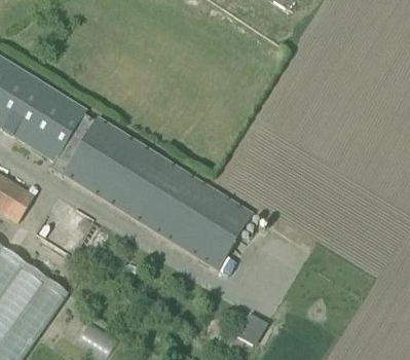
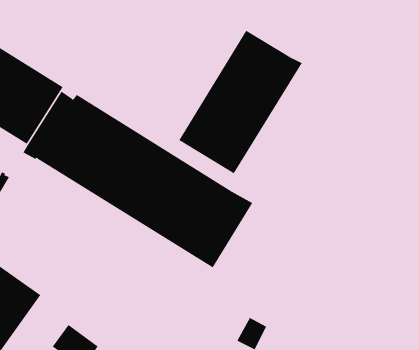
building: none -> [178,30,303,174]

